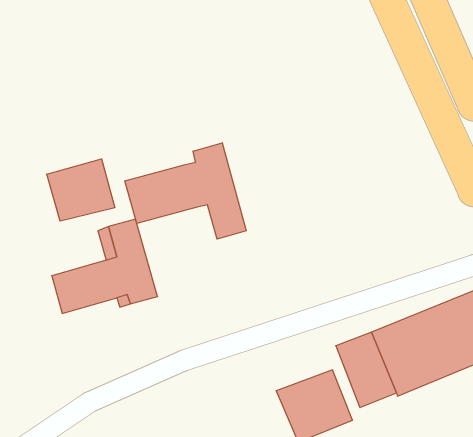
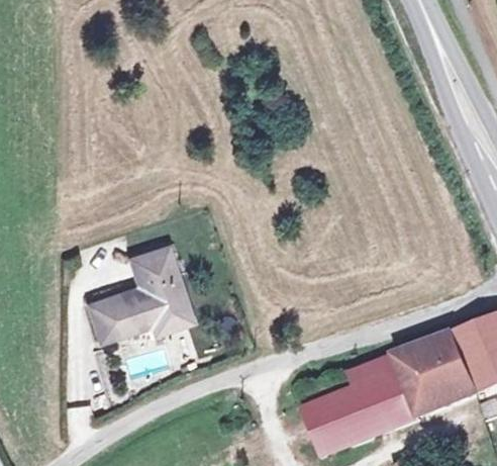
building: [125,143,246,239] -> none
building: [47,159,115,221] -> none

